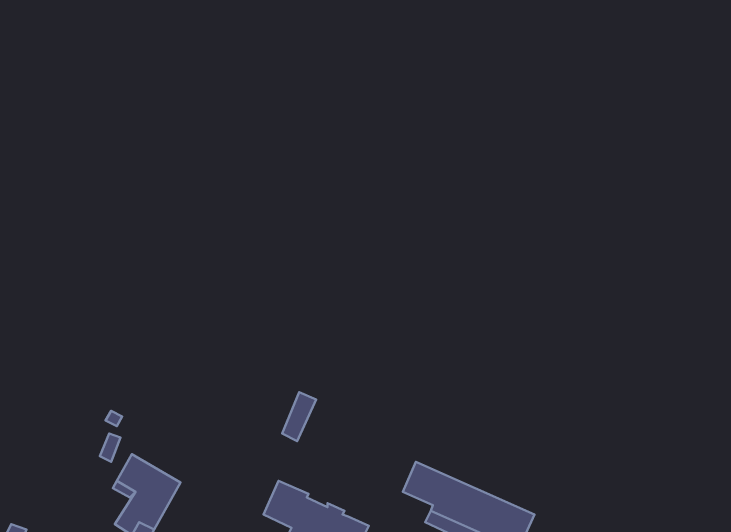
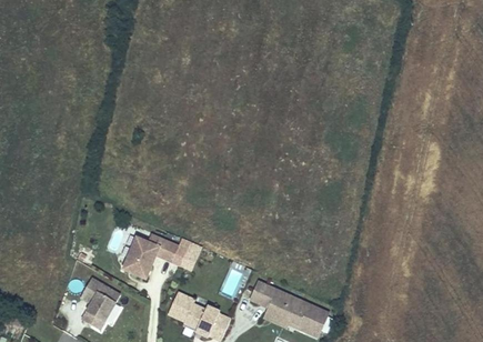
building: none -> [122,232,179,278]

